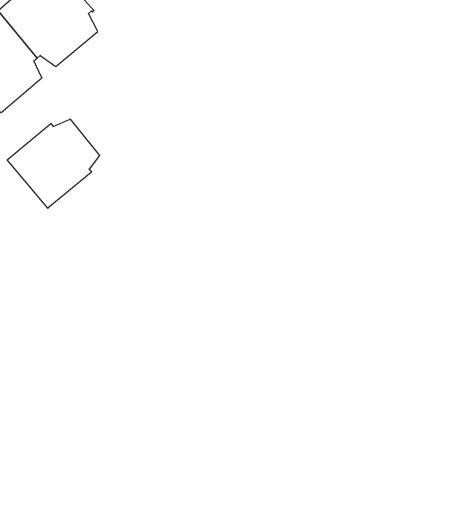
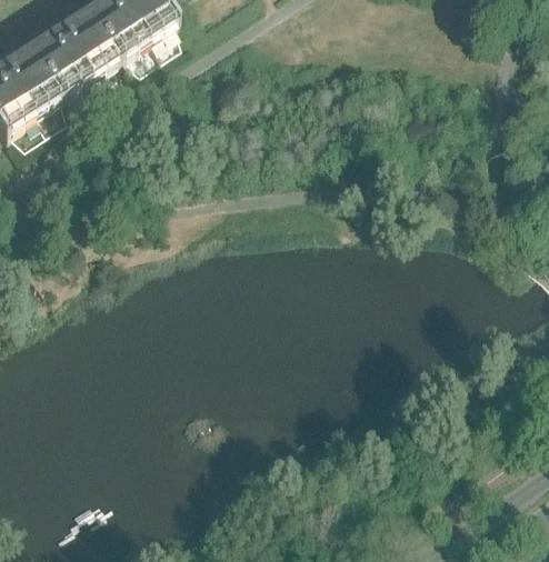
building: [7,119,99,208] -> none

